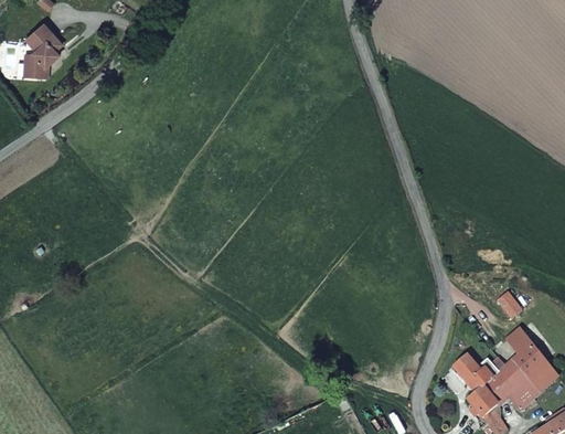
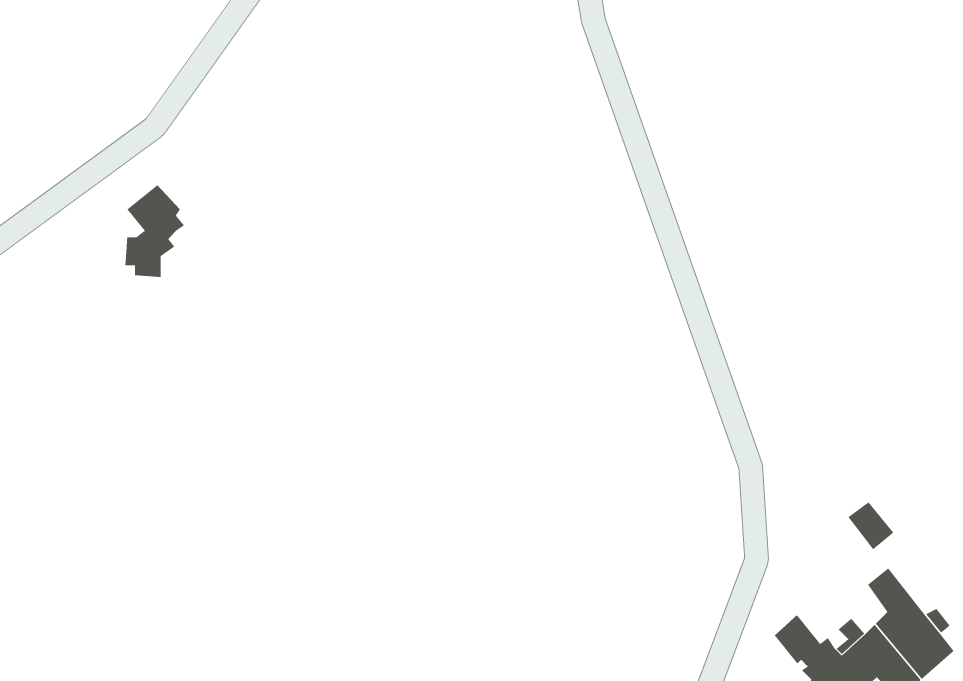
building: [26,24,61,77] -> [125,184,185,278]

